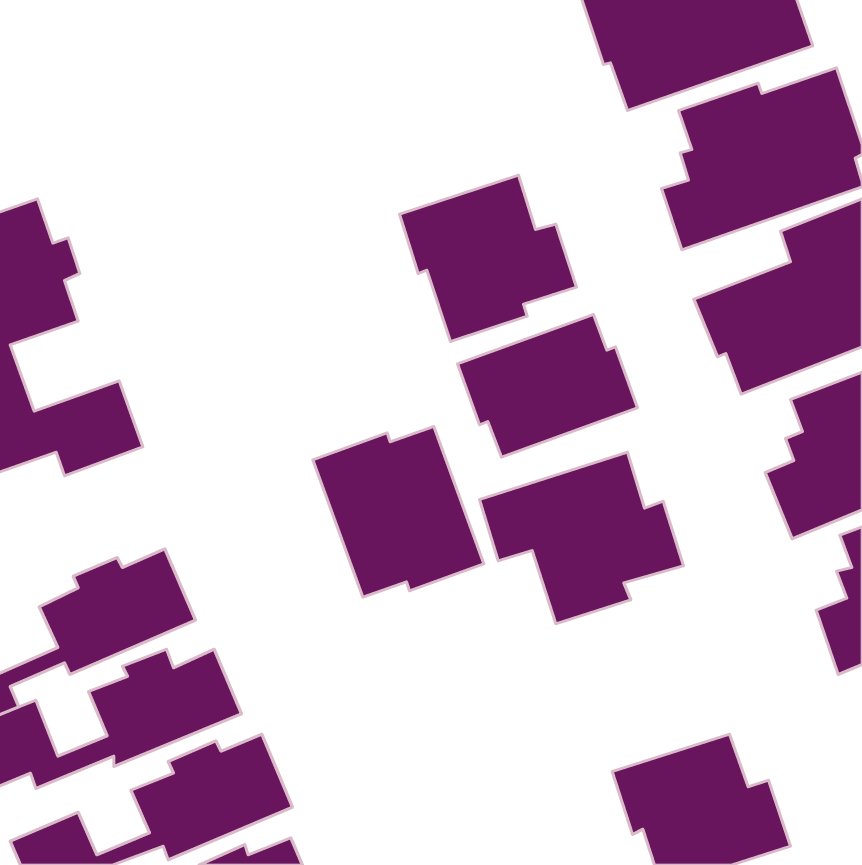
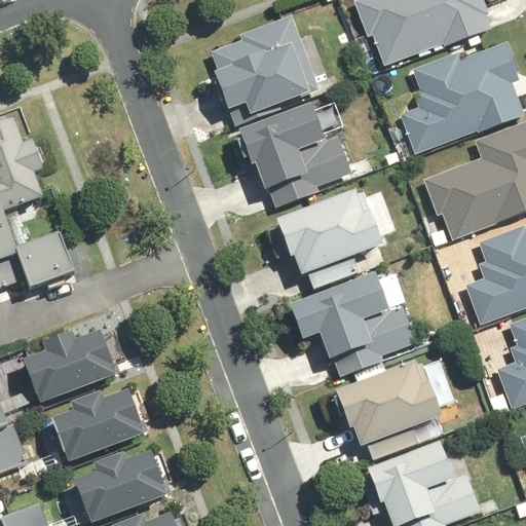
building: none -> [209,16,327,117]
building: [313,426,484,597] -> none
building: none -> [337,364,444,442]

